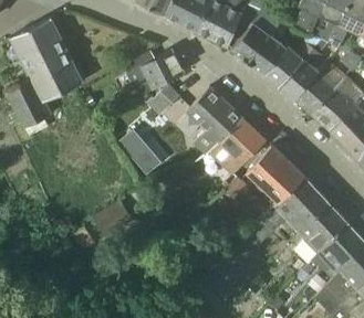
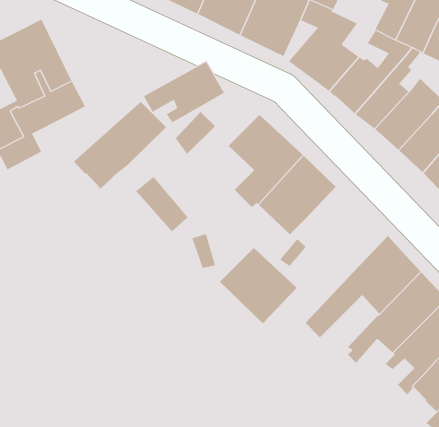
building: none -> [73,101,167,189]
building: [247,146,304,202] -> [219,247,298,324]

